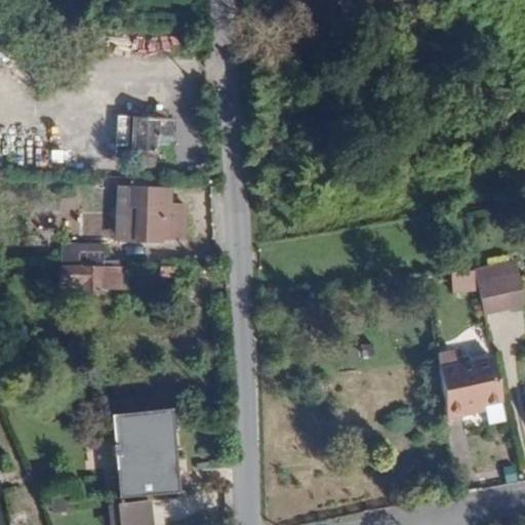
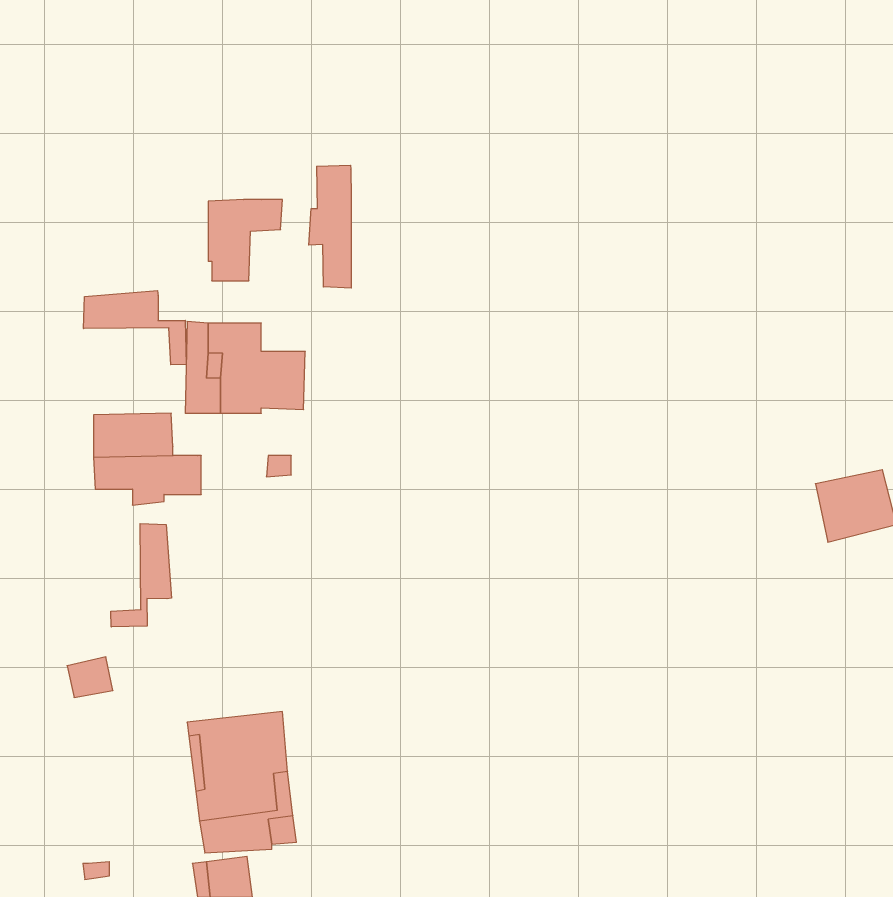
building: none -> [309,165,351,288]
building: none -> [84,291,186,365]
building: none -> [111,524,171,627]
building: [444,356,504,417] -> none

